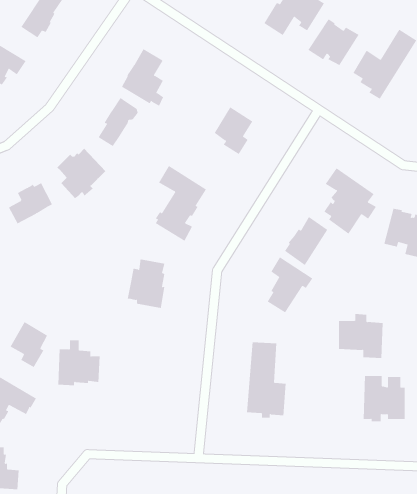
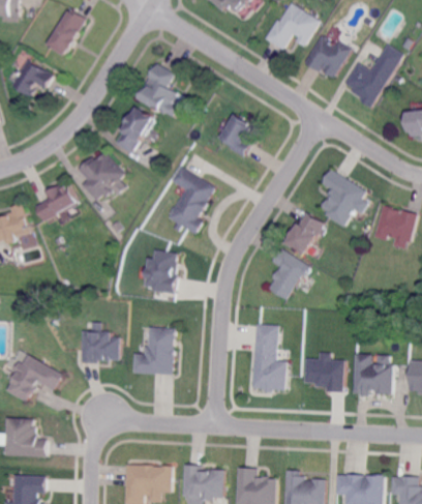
building: [338,313,383,359] -> [302,351,342,391]
building: [10,321,48,368] -> none
building: none -> [131,327,175,376]

